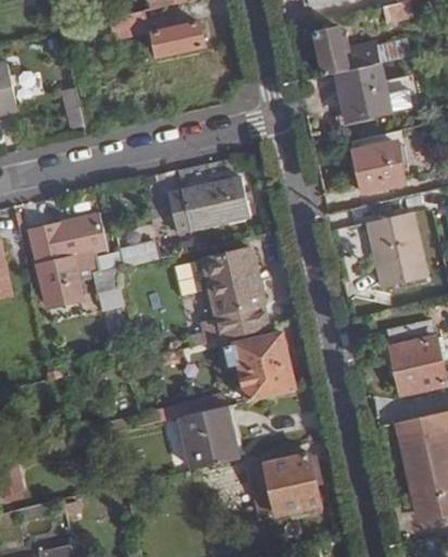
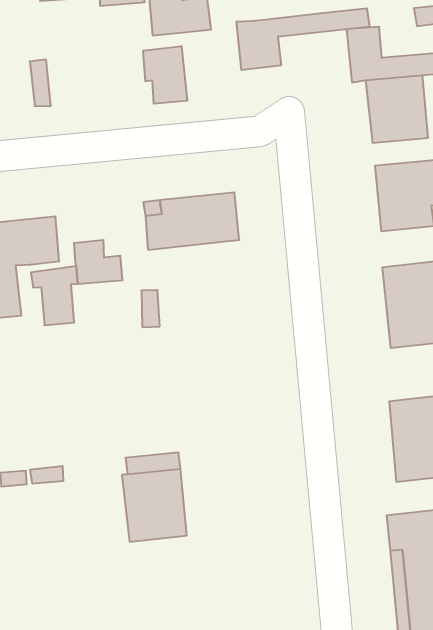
building: none -> [236,8,370,70]
building: none -> [143,46,187,104]
building: [199,250,270,343] -> none
building: [225,331,296,401] -> none
building: [248,454,321,515] -> none

